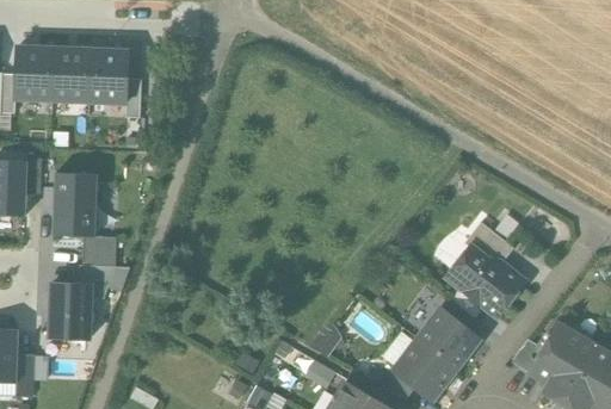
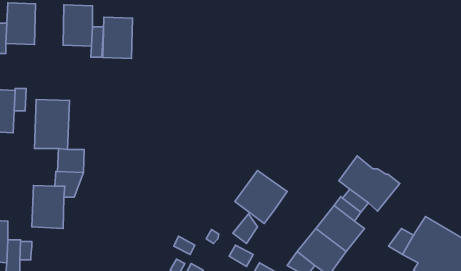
building: [53,48,91,101] -> [103,17,132,59]
building: [464,221,514,264] -> none
building: none -> [235,170,287,223]

